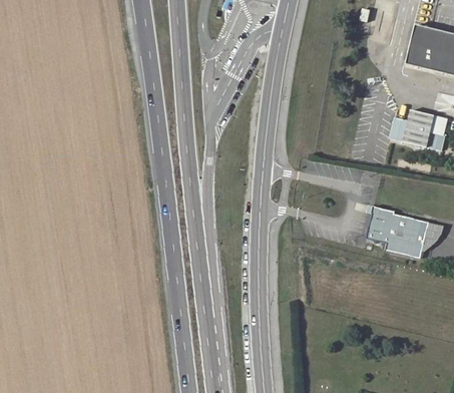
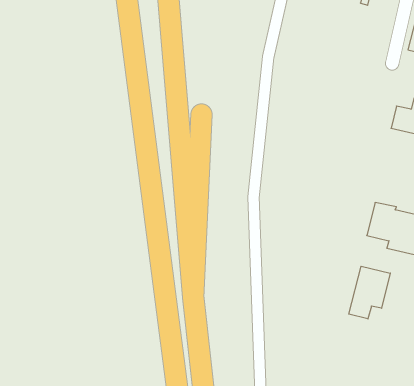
building: none -> [349,266,390,319]

